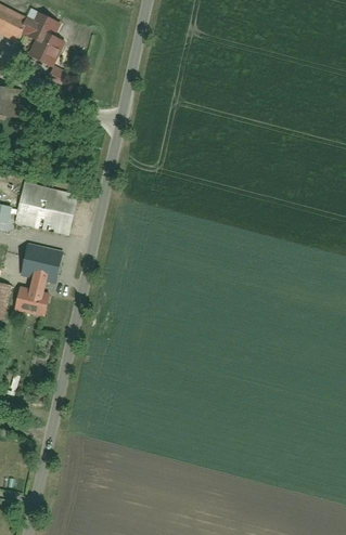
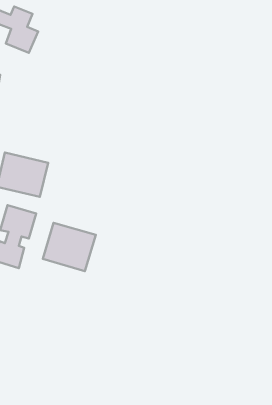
building: none -> [43,223,96,271]

